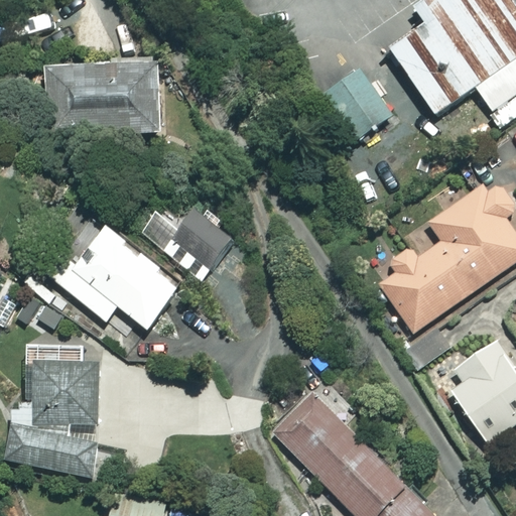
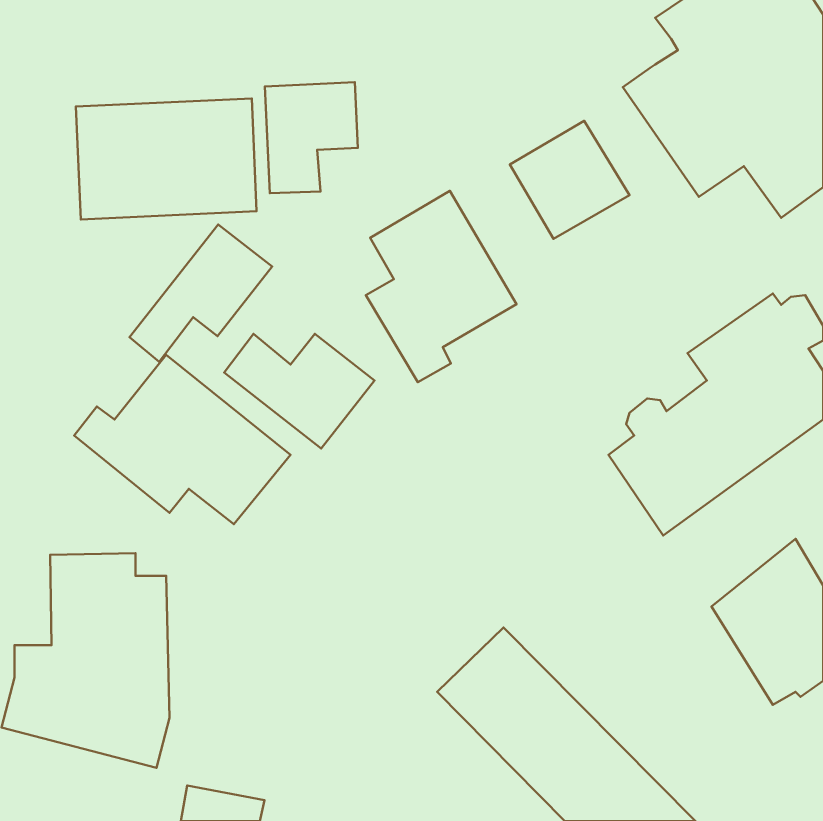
building: none -> [265,82,358,193]
building: none -> [366,191,517,382]
building: none -> [130,224,272,362]

